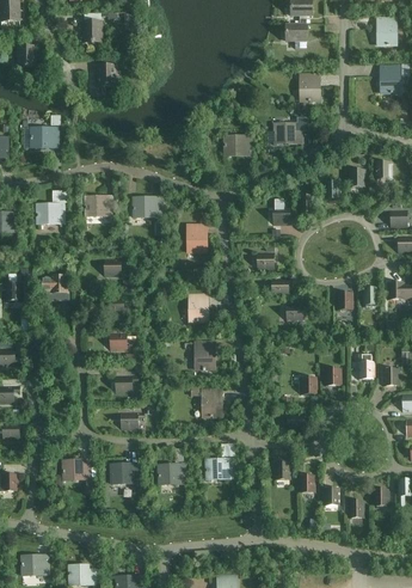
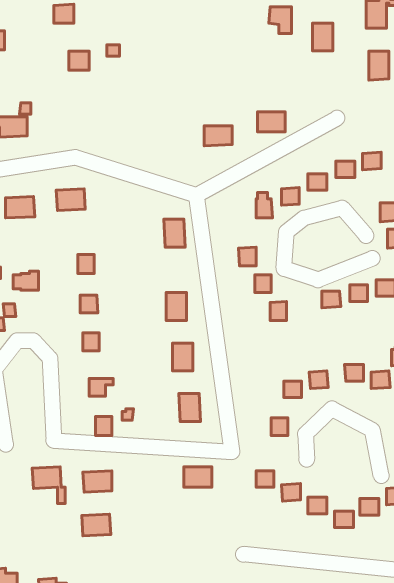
building: [300,74,319,100] -> [313,23,333,51]
building: [134,197,160,216] -> none
building: [158,464,185,484] -> [82,514,111,536]

